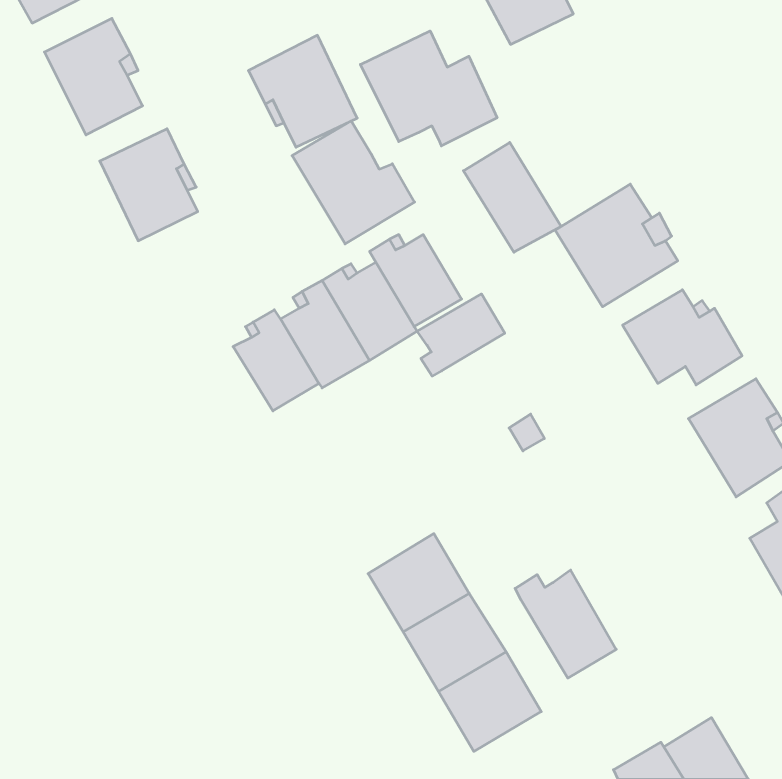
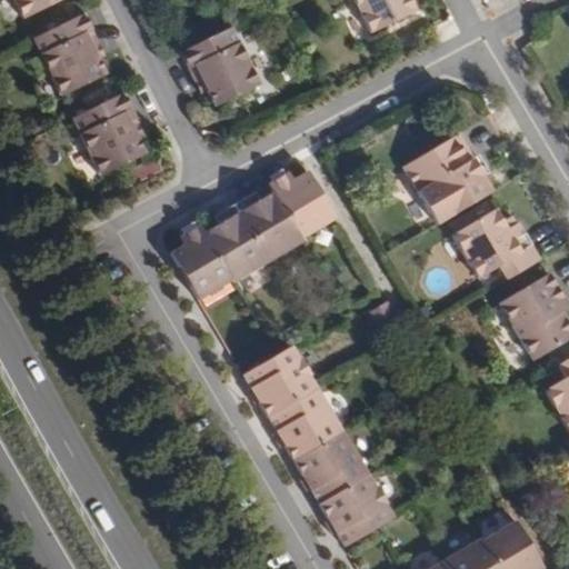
building: [360,31,497,146] -> none
building: [292,121,415,244] -> none
building: [463,142,561,252] -> none
building: [417,294,505,376] -> none
building: none -> [242,343,316,416]
building: [515,570,616,678] -> none

